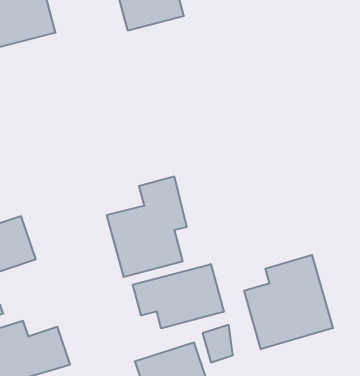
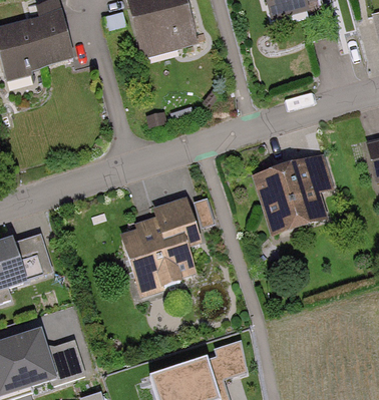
building: none -> [255,152,335,232]
building: [244,255,333,349] -> none
building: [133,264,224,328] -> none

